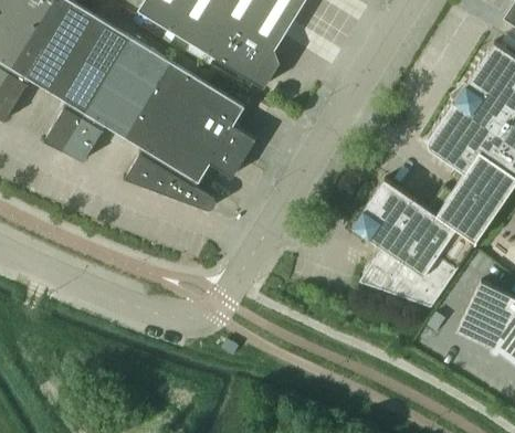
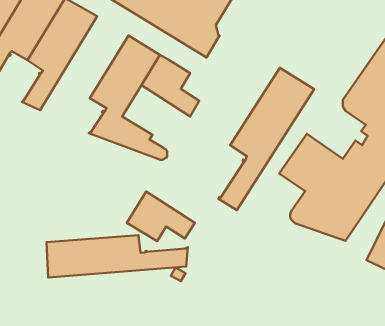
building: [64,38,170,161] -> none
building: none -> [219,68,314,210]
building: [162,120,244,180] -> [127,192,195,241]
building: none -> [46,235,188,278]

